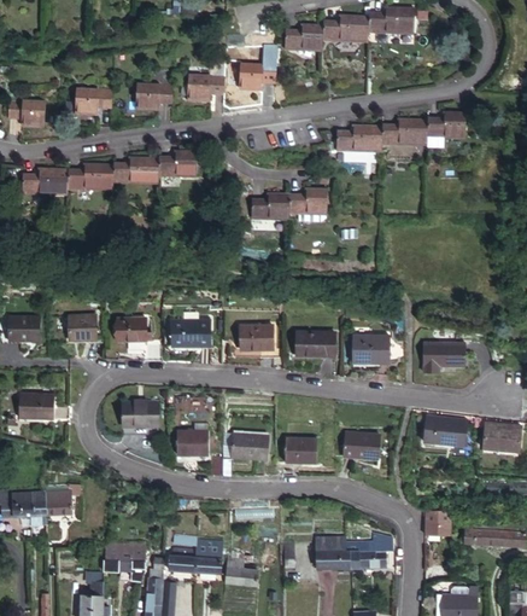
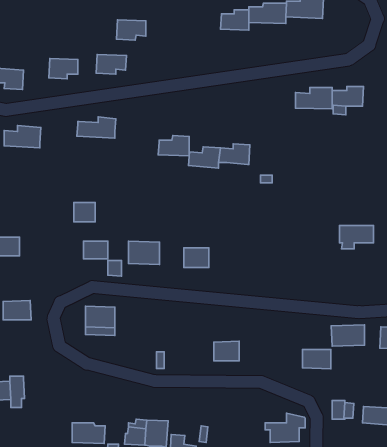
building: [238,68,276,93] -> none
building: [187,71,223,97] -> [117,20,146,40]
building: [335,129,382,157] -> none
building: [157,155,195,180] -> [158,135,189,156]
building: [64,168,111,196] -> none
building: [70,310,96,335] -> [74,202,95,222]
building: [298,329,336,353] -> none
building: [355,332,392,359] -> none
building: [422,338,464,367] -> [340,225,374,249]
building: [175,429,206,453] -> none
building: [229,429,265,454] -> none
building: [338,430,373,454] -> [303,349,331,369]
building: [43,480,76,511] -> none
building: [315,534,350,565] -> none

